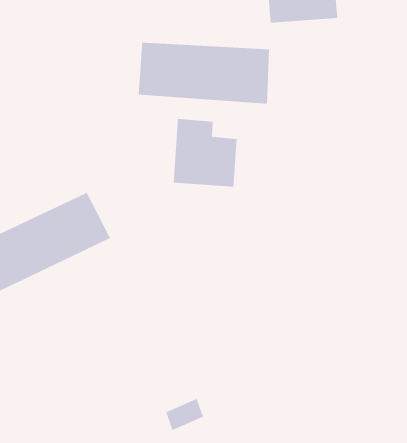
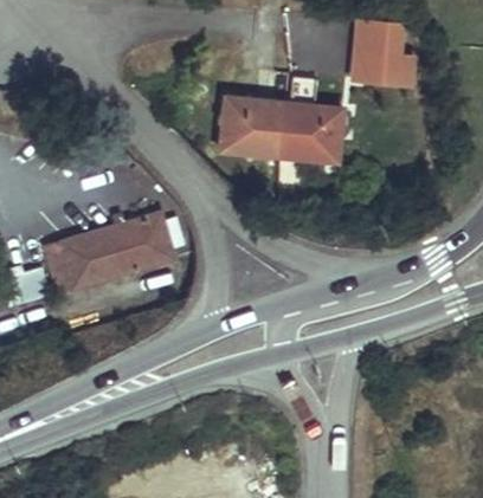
building: [173,118,237,188] -> none

